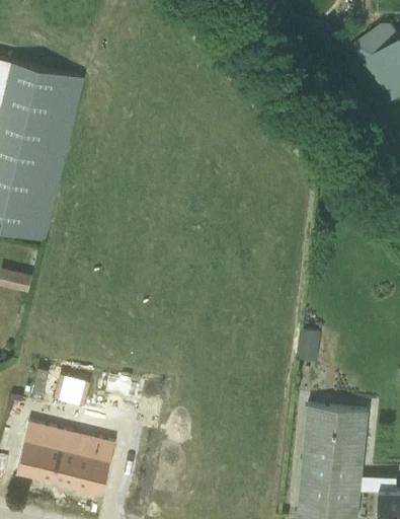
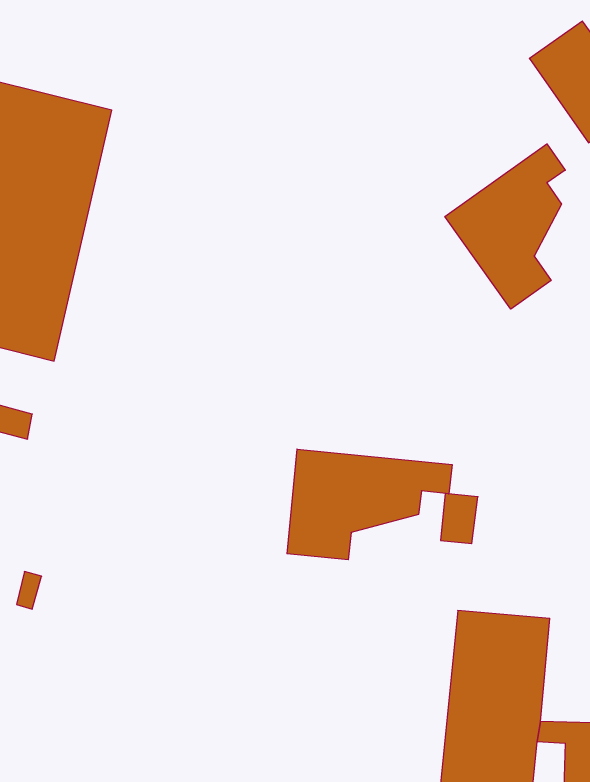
building: none -> [445,144,565,309]
building: none -> [287,449,452,560]
building: [16,424,112,493] -> none

